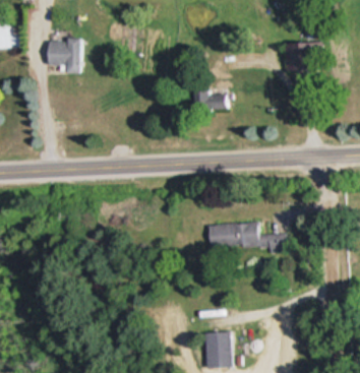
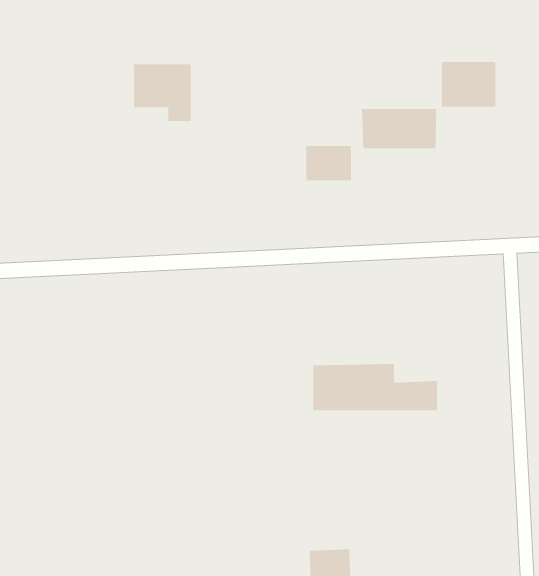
building: [50,39,84,73] -> [133,63,192,122]
building: none -> [361,108,437,149]

